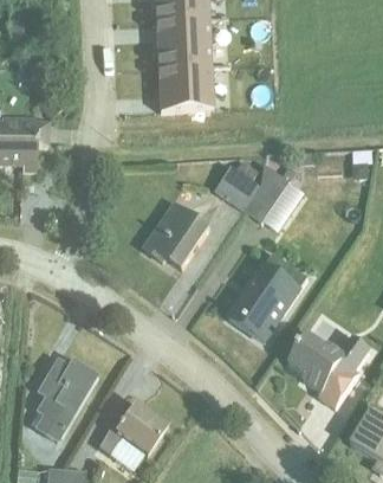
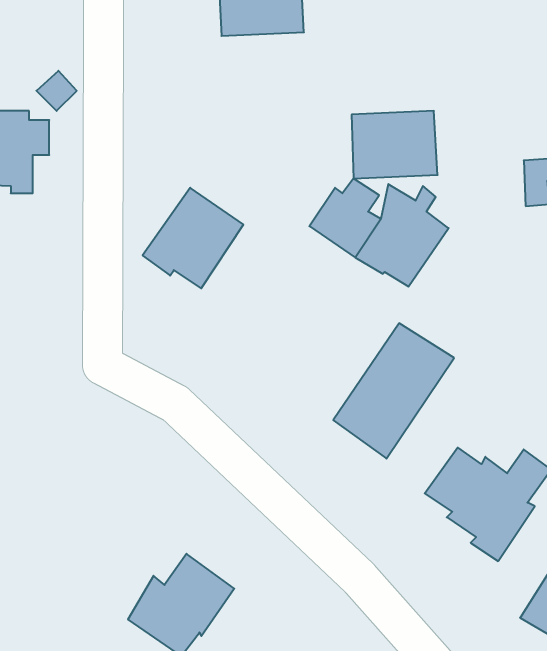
building: [156,65,212,109] -> [352,111,438,179]
building: [143,202,208,268] -> [143,188,243,288]
building: [32,359,92,440] -> none

